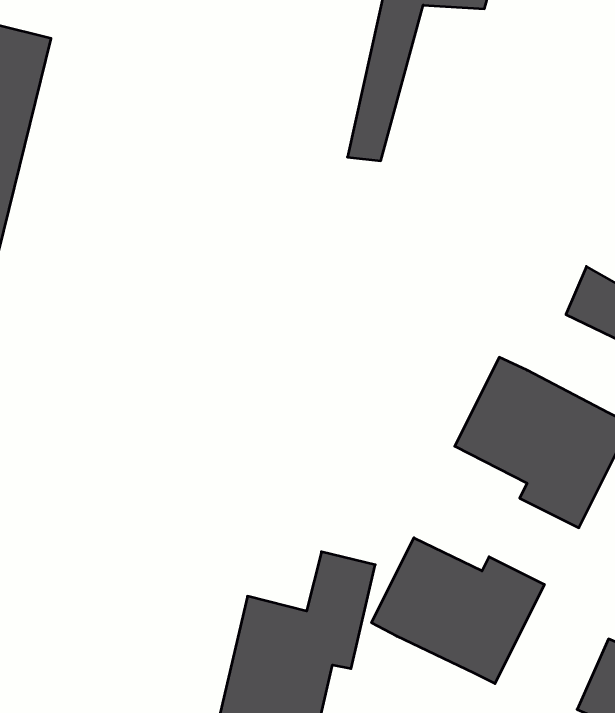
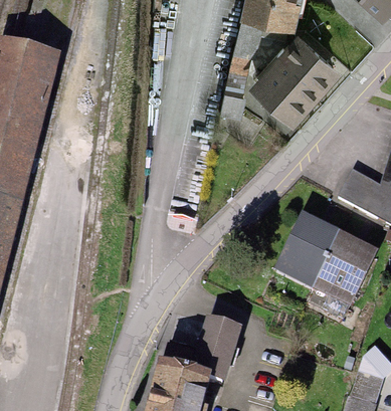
building: none -> [252,35,341,124]
building: [372,538,544,684] -> none

